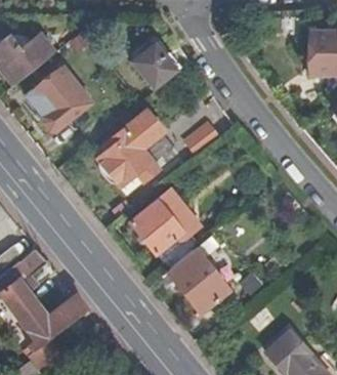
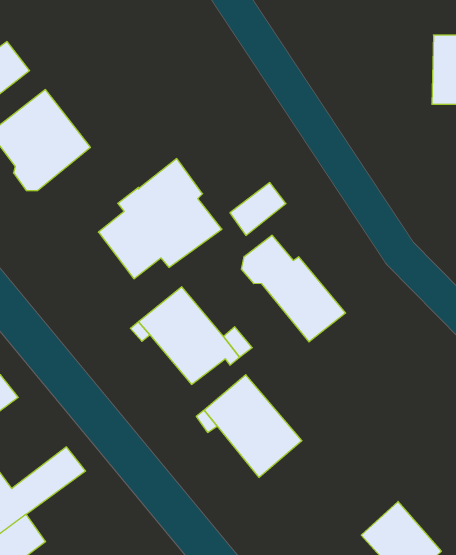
building: [132,42,188,86] -> none
building: none -> [242,235,346,342]

